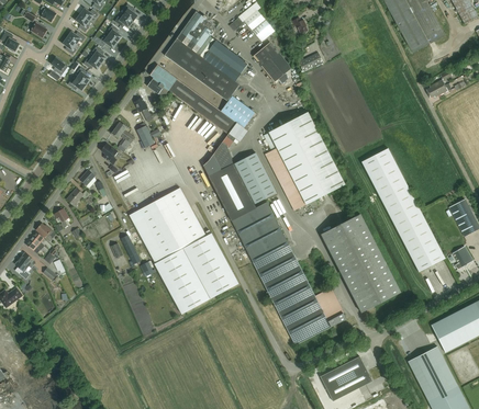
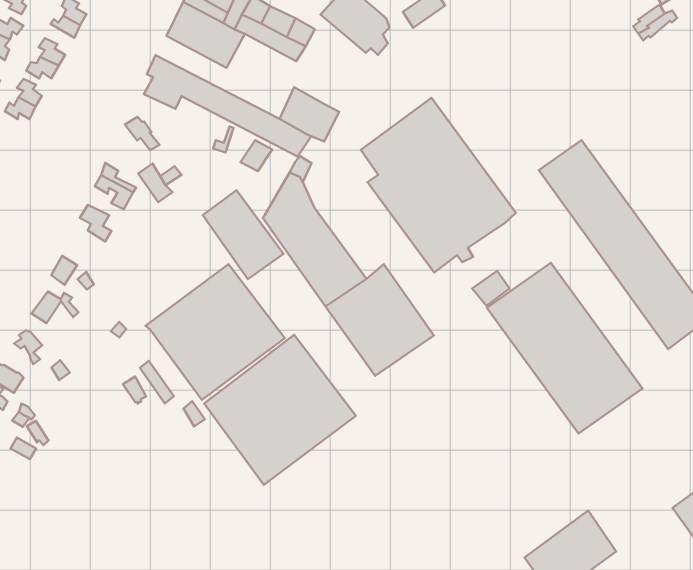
building: [194,60,238,100] -> none
building: [234,152,276,203] -> [203,190,283,279]
building: [252,245,345,344] -> none

